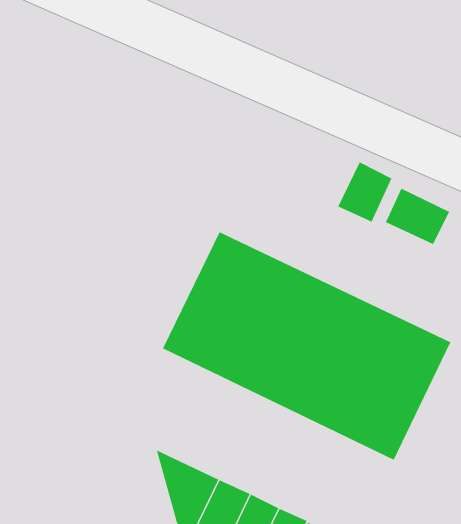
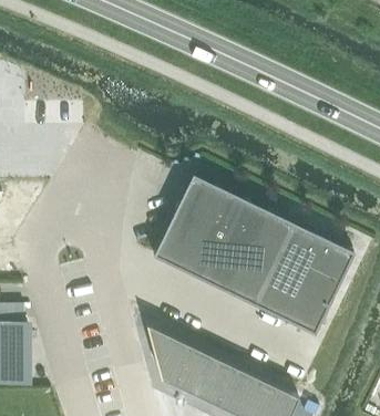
building: [338,162,392,222] -> none
building: [385,188,450,245] -> none

